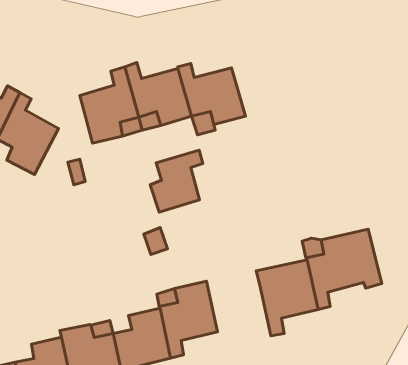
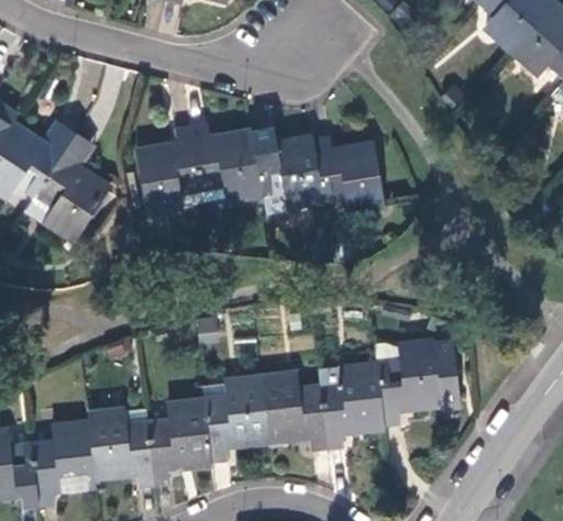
building: none -> [313,133,386,208]
building: [150,150,203,212] -> none
building: none -> [260,374,327,451]

